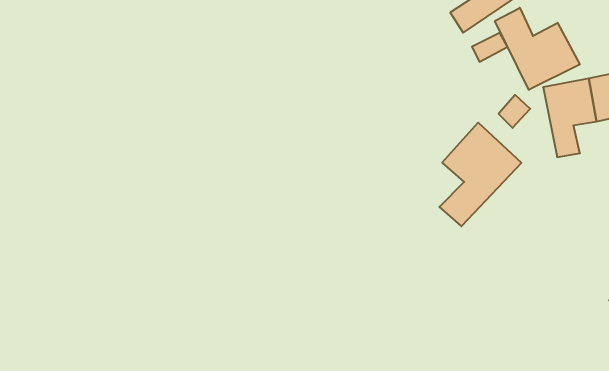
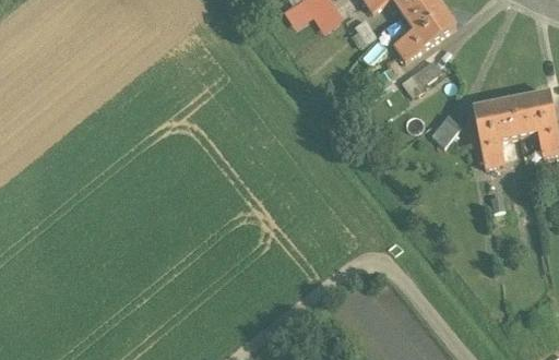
building: [495,8,580,90] -> none
building: [439,123,521,226] -> none

